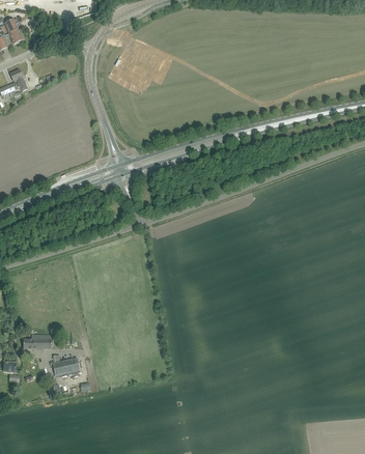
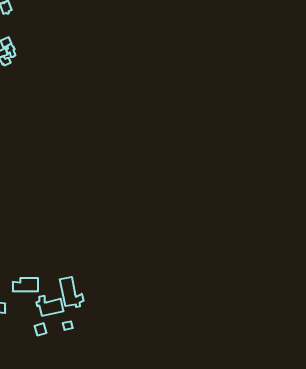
building: none -> [60,277,84,307]

